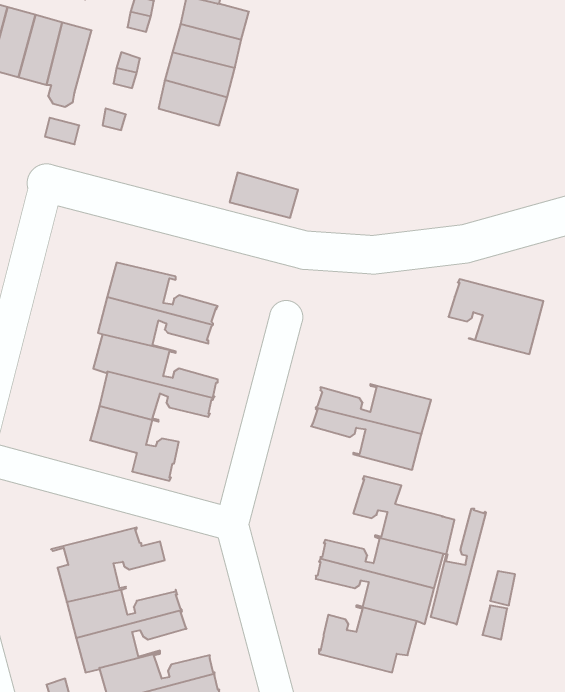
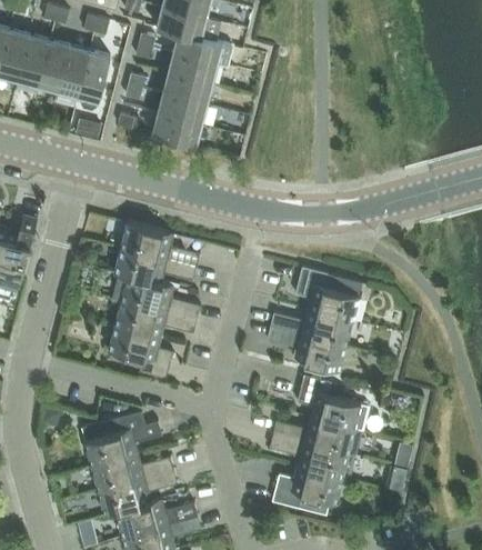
building: [230,173,298,218] -> [152,112,201,144]
building: [448,279,543,354] -> [294,267,362,320]
building: [431,509,486,625] -> none

